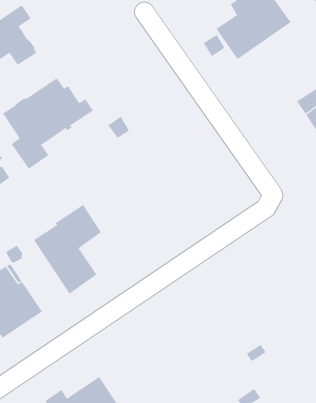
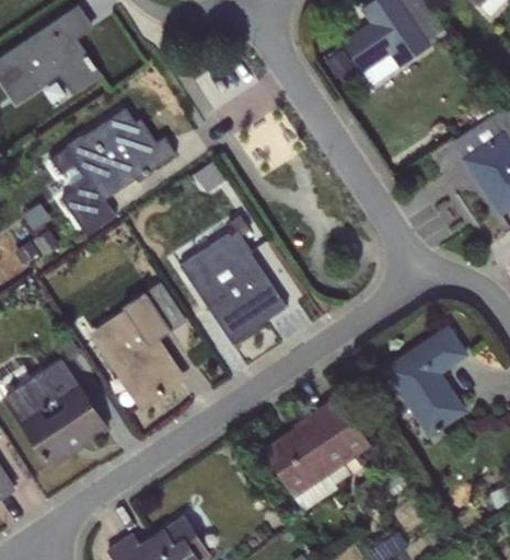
building: none -> [179,214,286,345]
building: none -> [384,327,467,436]
building: none -> [262,397,371,511]

